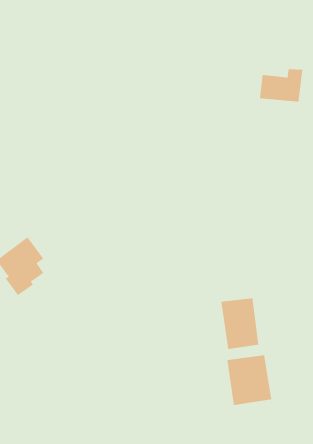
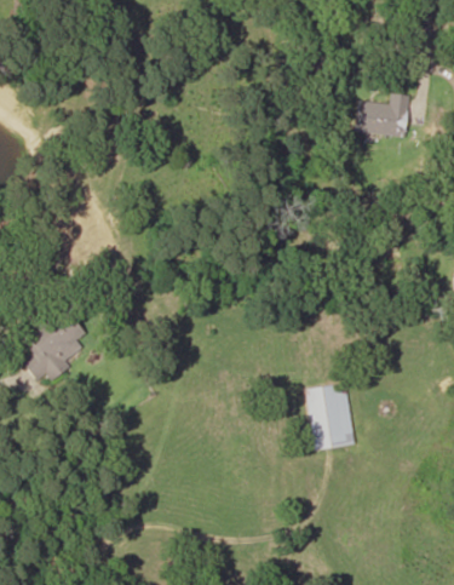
building: [227,355,272,406] -> none

